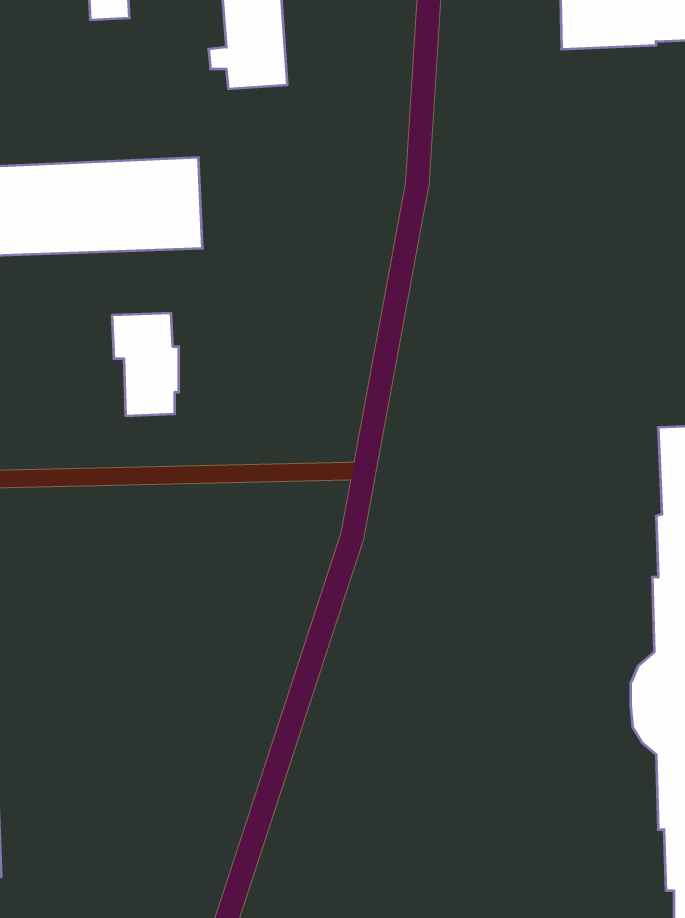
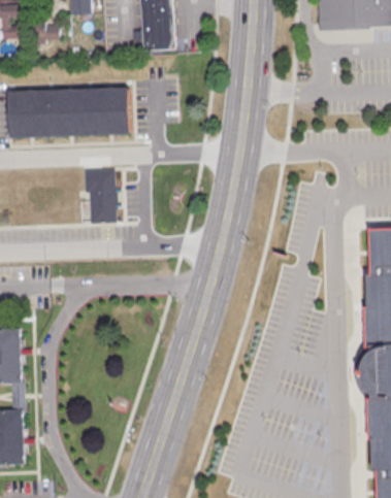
building: none -> [35,24,58,42]

